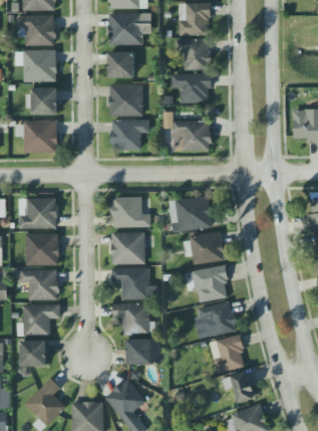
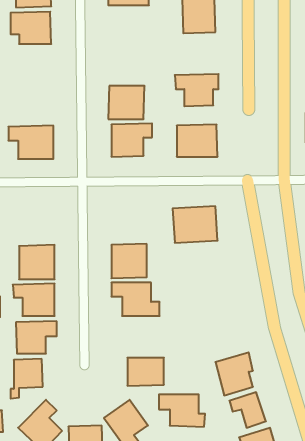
building: [108,13,141,45] -> none
building: [175,38,209,70] -> none
building: [15,50,56,81] -> none
building: [107,51,133,78] -> none
building: [26,87,58,115] -> none
building: [111,197,150,227] -> none
building: [18,198,57,229] -> none
building: [183,232,224,264] -> none
building: [192,265,228,302] -> none
building: [195,301,236,339] -> none
building: [112,303,155,334] -> [159,394,205,427]

